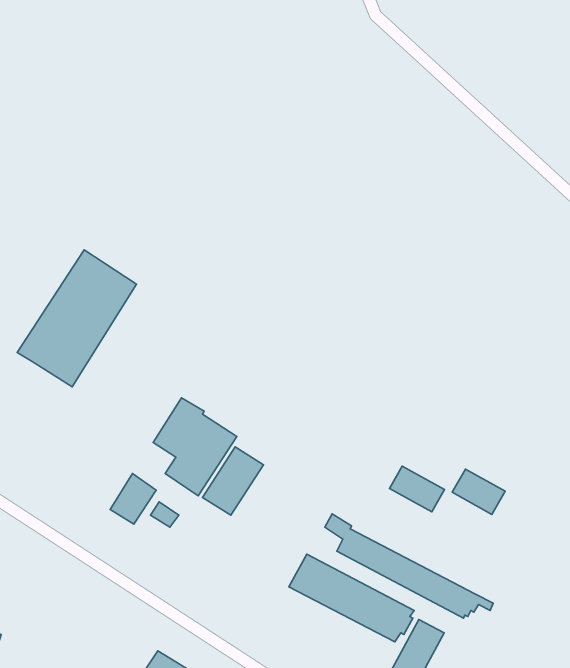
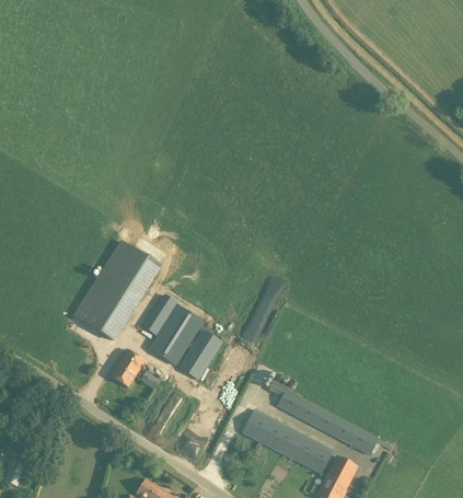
building: [17,250,136,387] -> [72,240,160,340]
building: [390,466,445,512] -> none
building: [452,469,505,514] -> none

